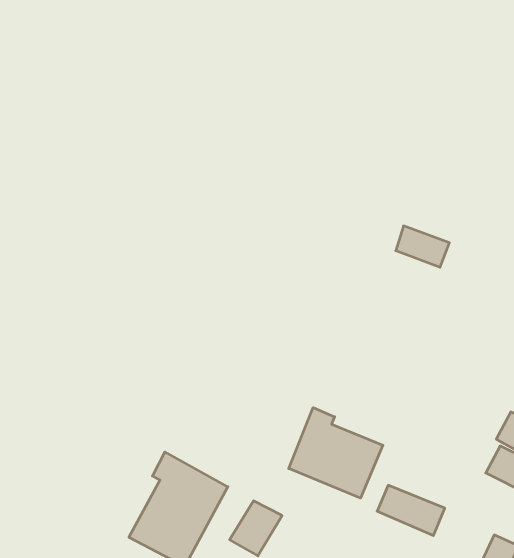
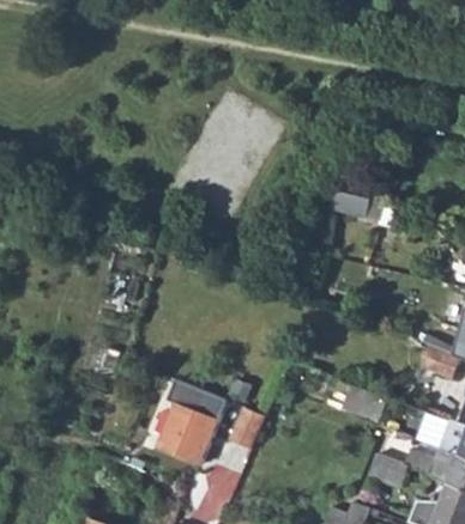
building: [289,408,383,498] -> none

